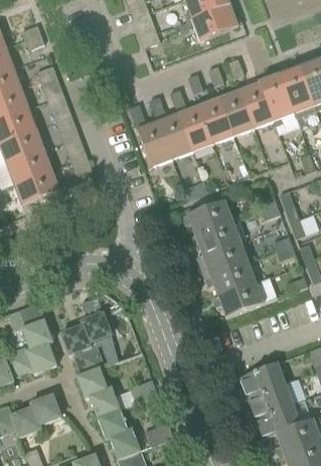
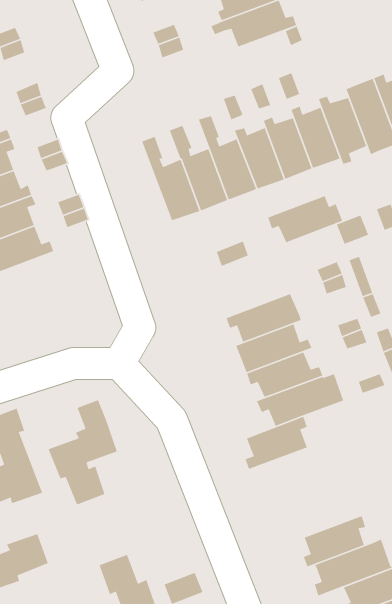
building: [182,200,237,238] -> [267,195,343,246]
building: [238,360,285,400] -> [244,416,308,470]
building: [77,366,158,418] -> none

